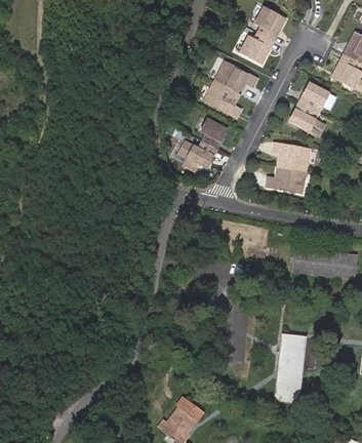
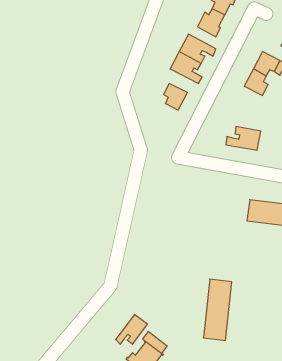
building: [177,139,215,166] -> none
building: [275,143,312,170] -> none
building: [275,334,307,403] -> [203,279,232,340]
building: none -> [116,314,147,344]

